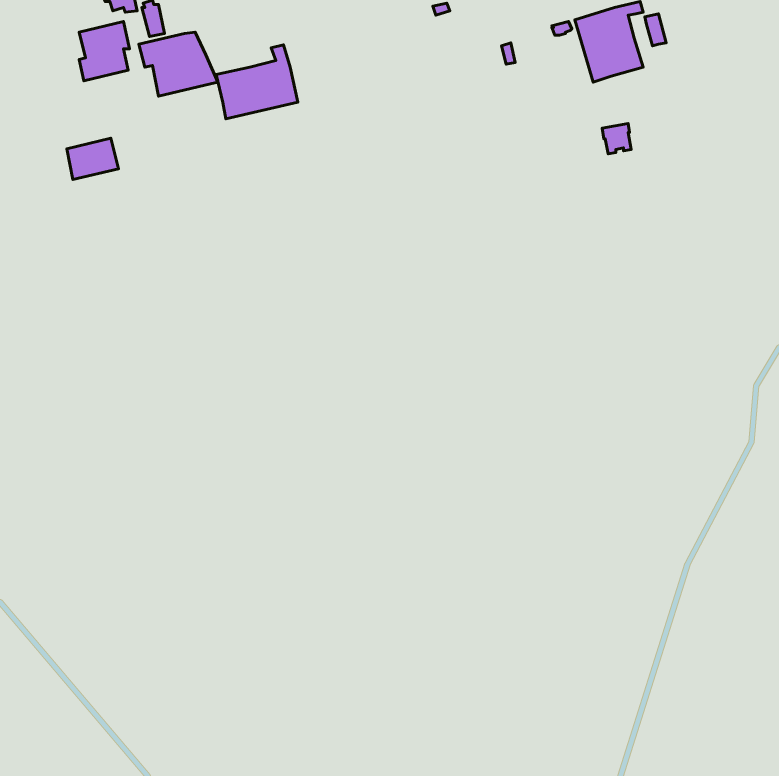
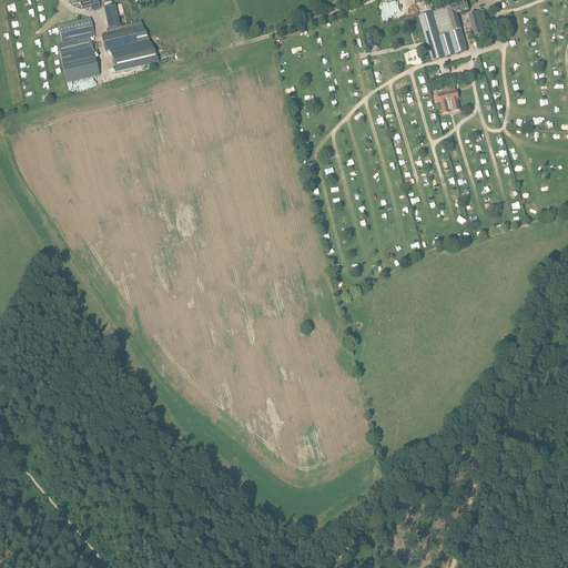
building: [216,45,298,119] -> none
building: [67,138,119,179] -> [61,51,99,81]

